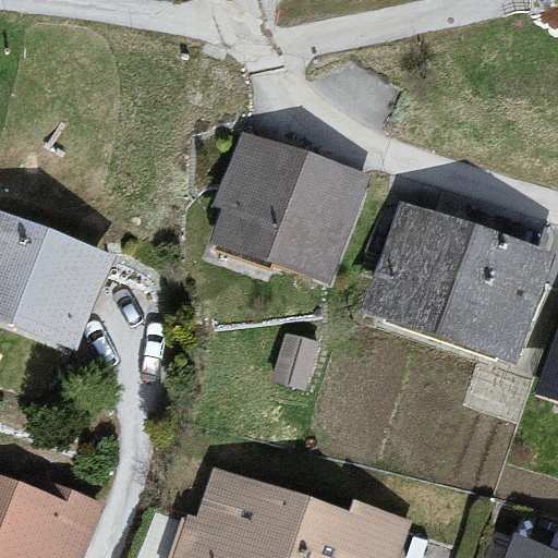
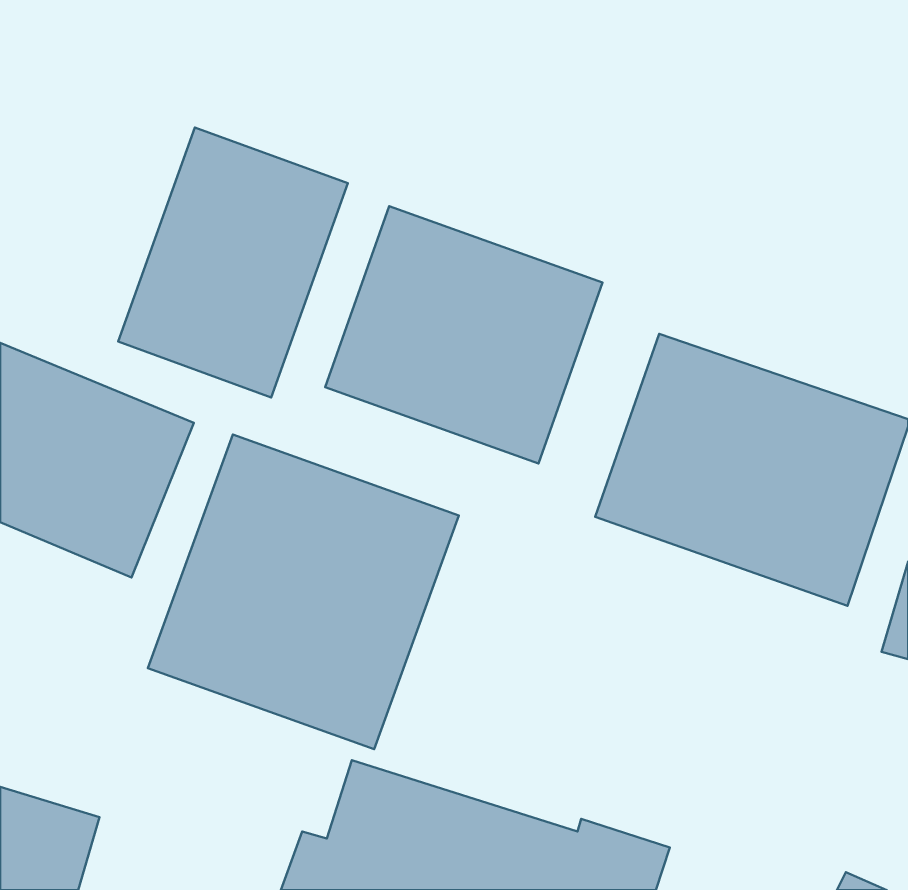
building: none -> [118,127,348,397]
building: none -> [148,435,459,749]

